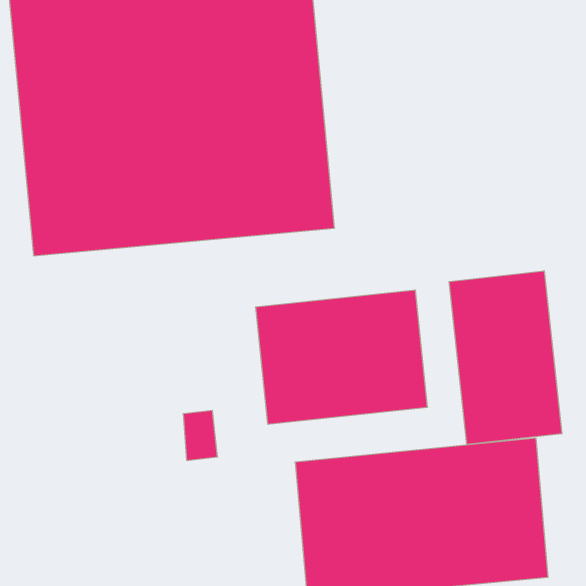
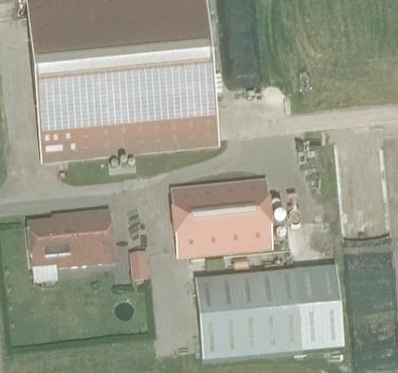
building: [449,271,562,445] -> none
building: none -> [29,209,118,266]

